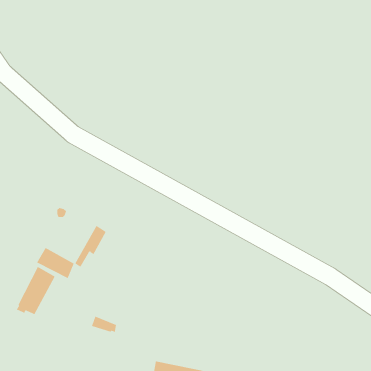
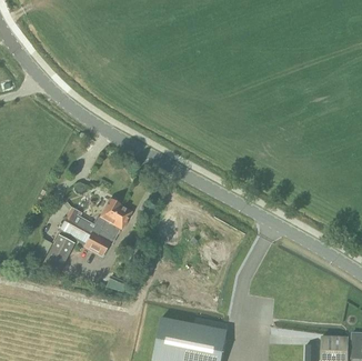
building: none -> [86,203,130,253]

